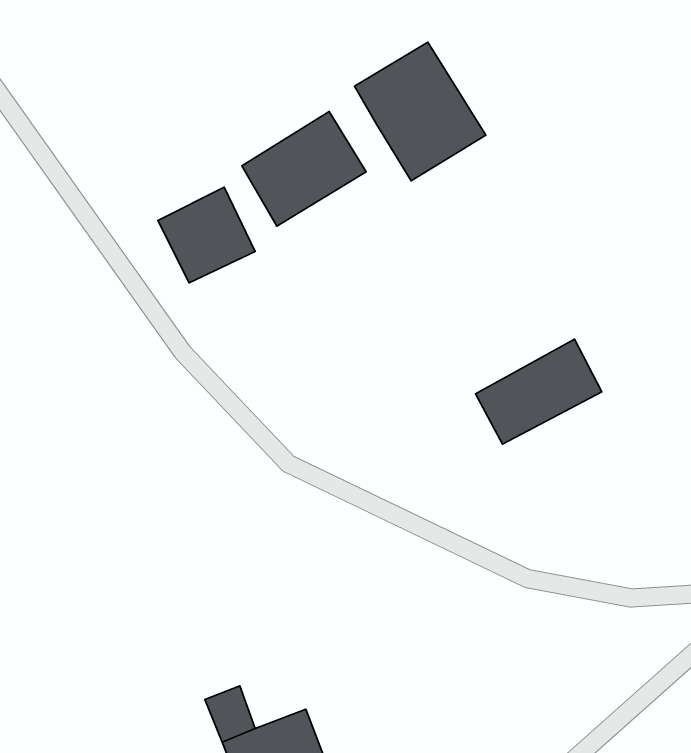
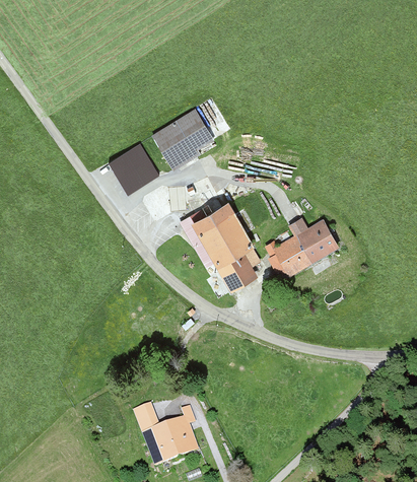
building: [355,42,486,181] -> none
building: none -> [191,199,260,285]

